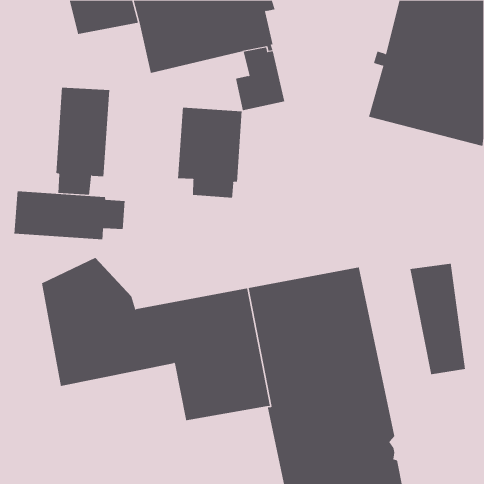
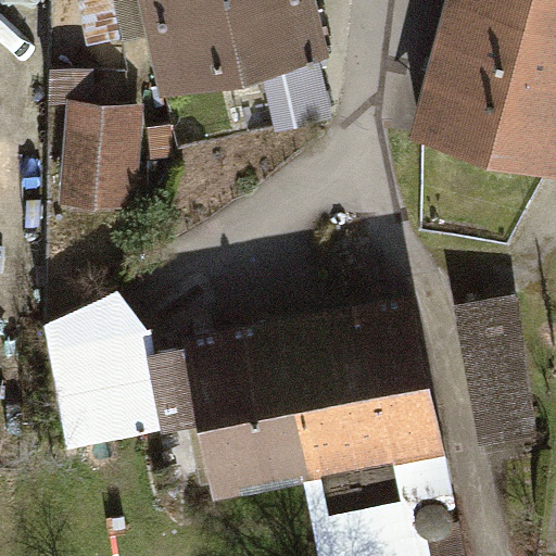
building: [178,107,242,198] -> none
building: [14,191,125,240] -> none

